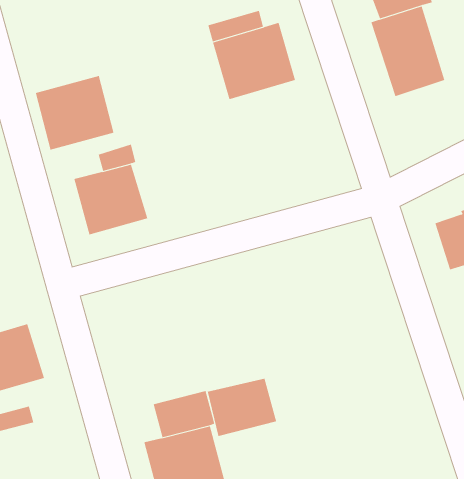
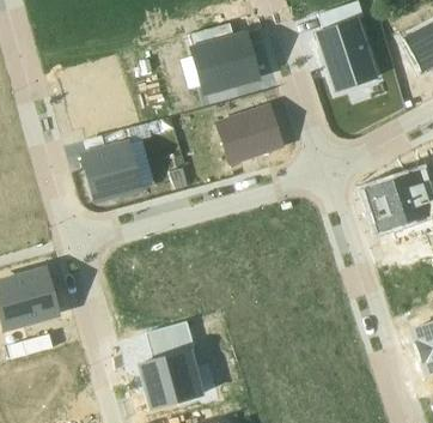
building: [35,75,114,151] -> none
building: none -> [219,105,283,162]
building: [207,378,277,437] -> none

